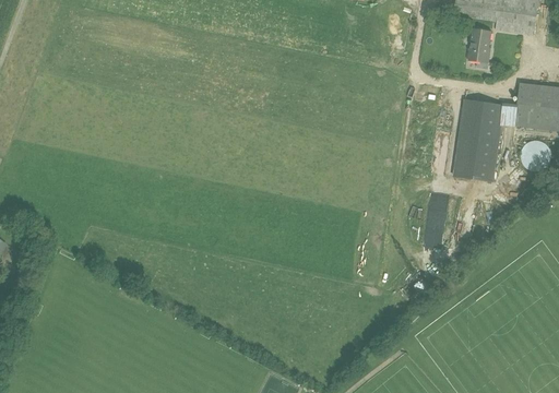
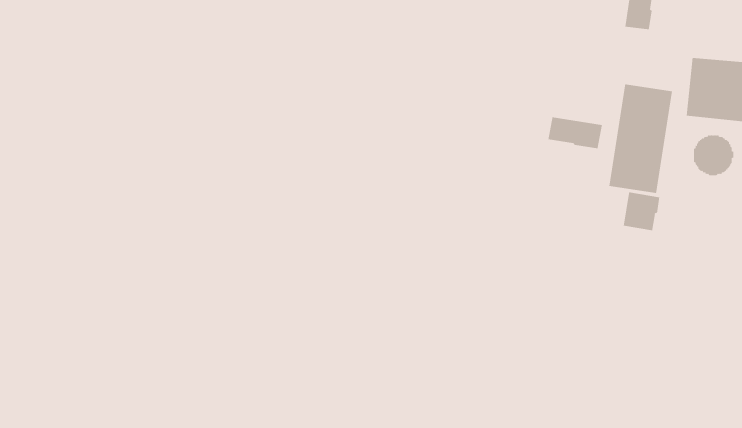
building: none -> [548,117,603,149]
building: none -> [623,192,660,231]

